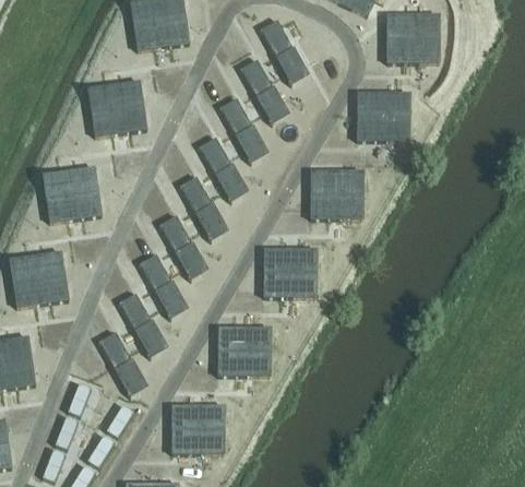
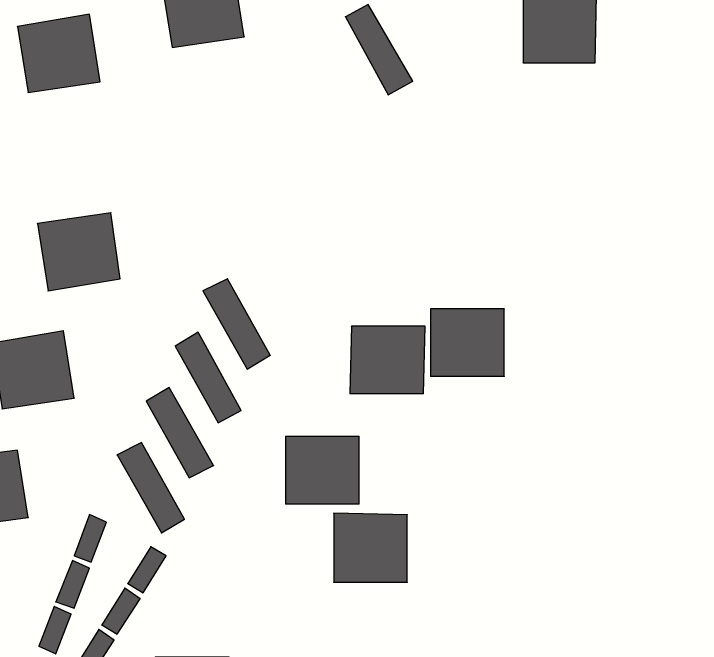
building: [241,57,288,122] -> none
building: [87,80,146,135] -> [17,14,100,92]
building: [358,91,410,139] -> none
building: [220,96,269,161] -> none
building: [200,135,248,200] -> none
building: [311,169,363,217] -> [431,309,504,376]
building: [180,175,227,239] -> none
building: [171,404,224,453] -> [334,513,407,582]

